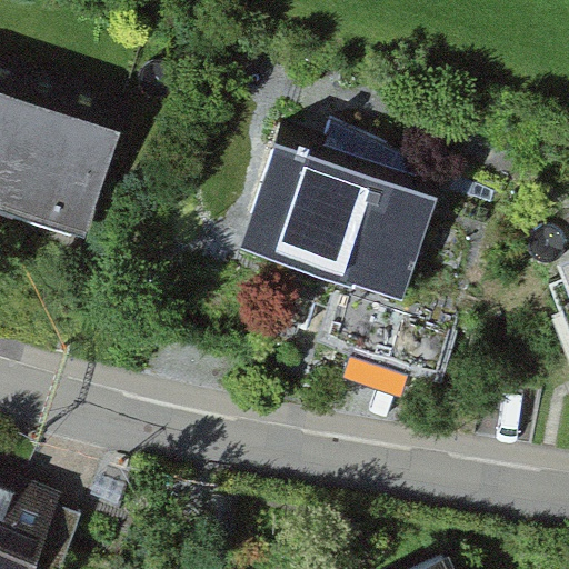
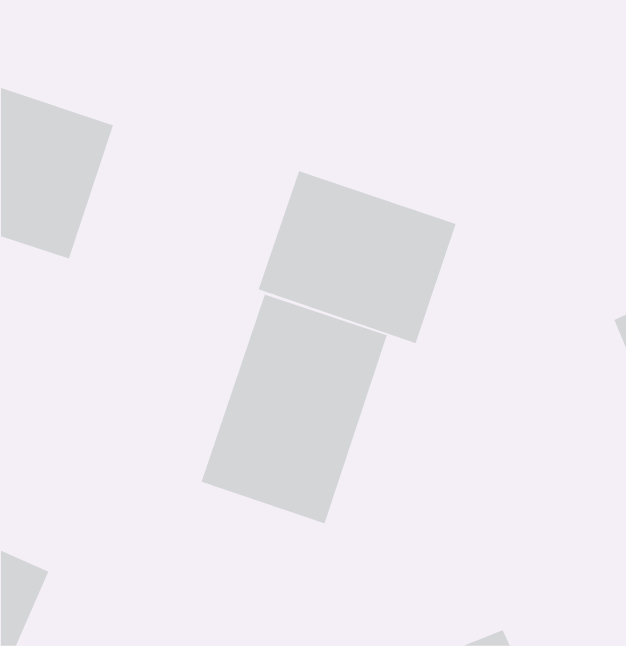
building: none -> [201,294,387,524]

